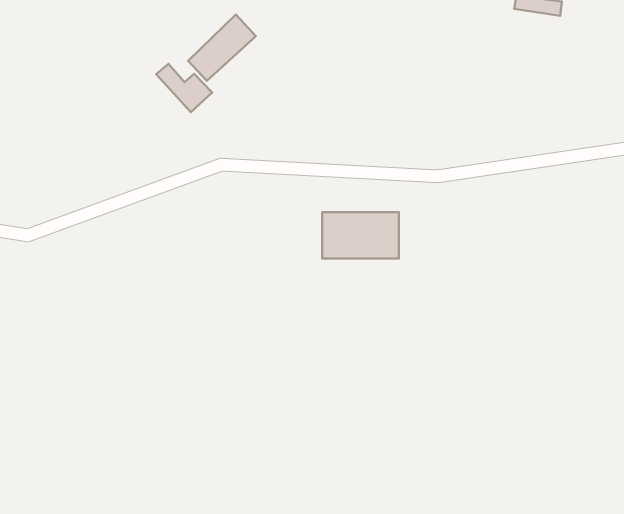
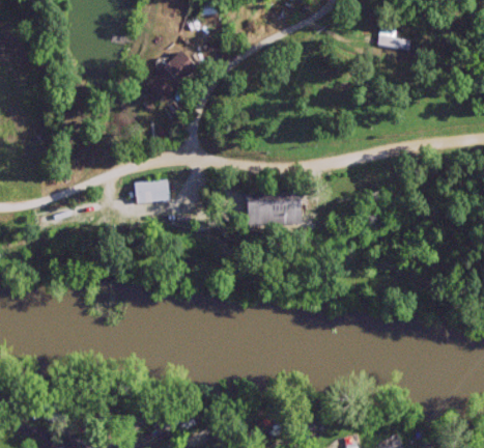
building: [156,64,212,112] -> none
building: none -> [134,180,170,202]

